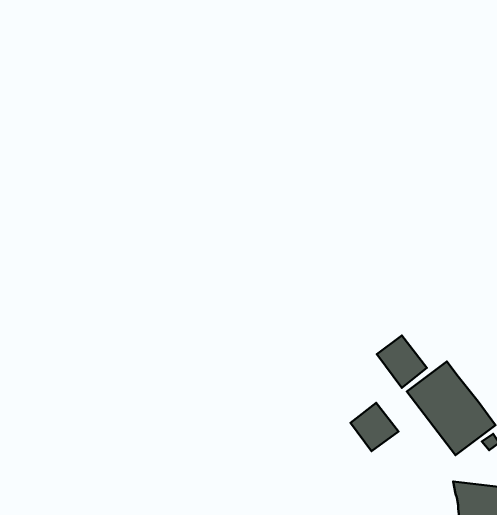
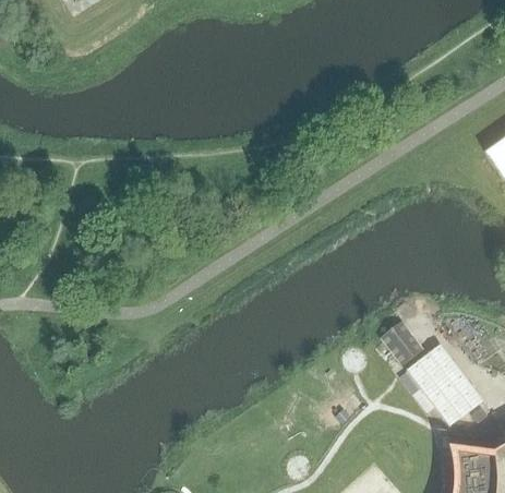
building: [351,403,399,451] -> none

